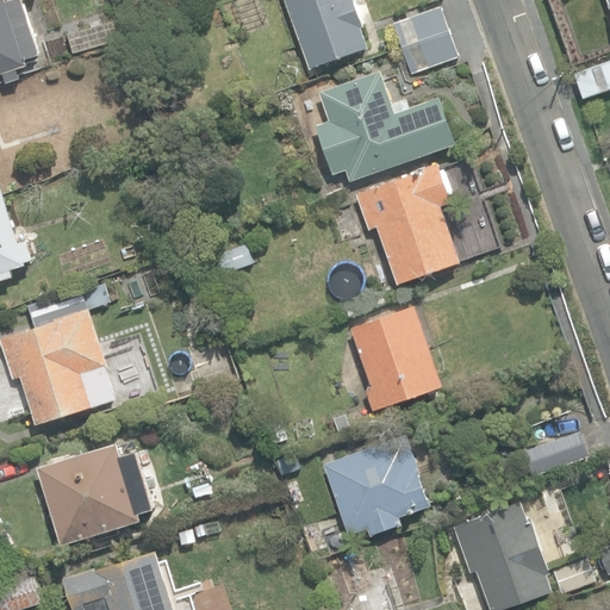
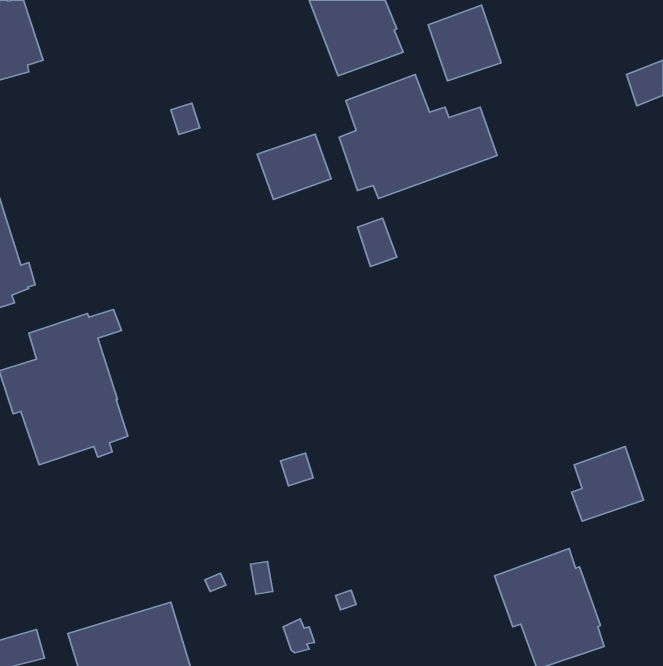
building: none -> [257,134,331,200]
building: [354,163,459,286] -> none
building: [348,307,441,412] -> none
building: [322,435,430,536] -> none
building: [37,443,152,546] -> none

